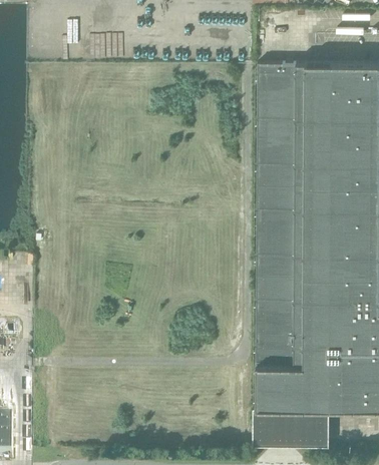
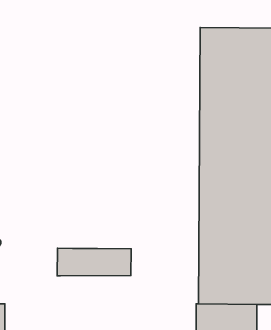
building: none -> [57,248,131,276]

